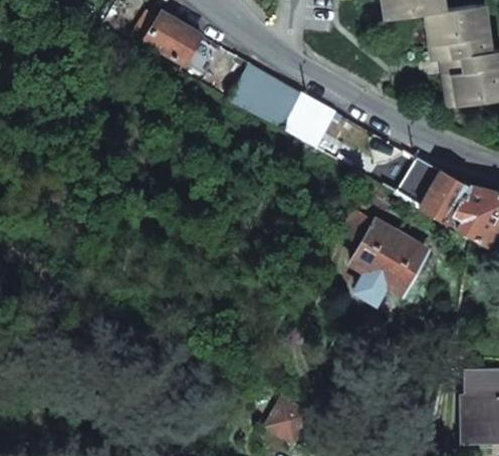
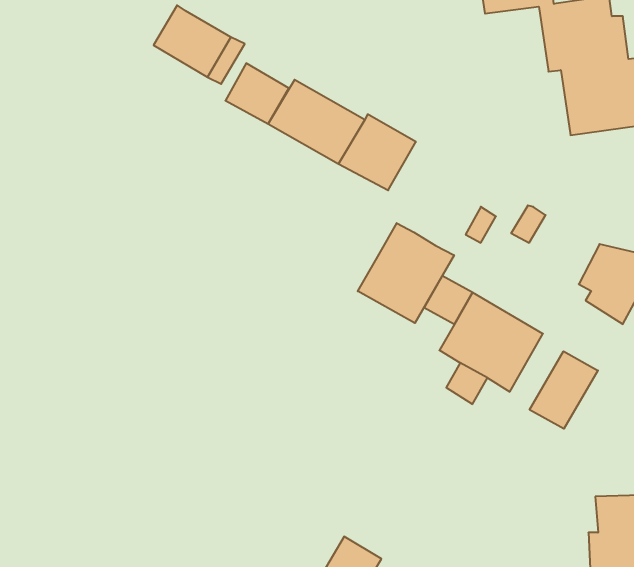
building: none -> [358,223,454,323]
building: [421,171,469,222] -> none
building: none -> [530,351,598,429]

